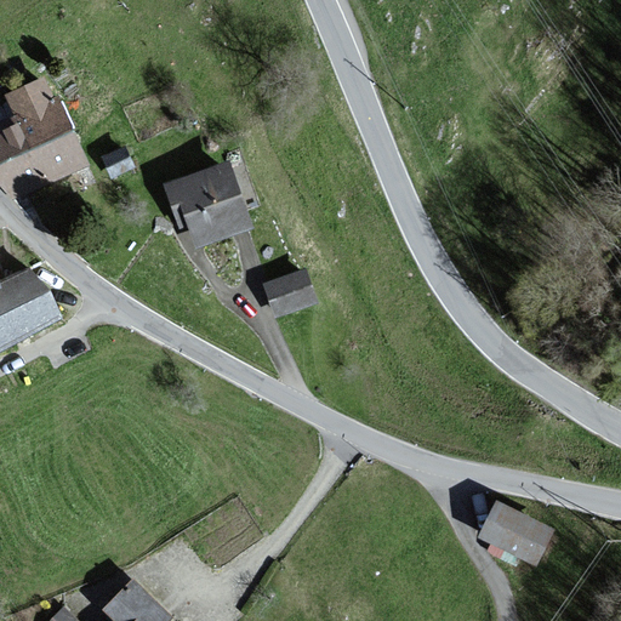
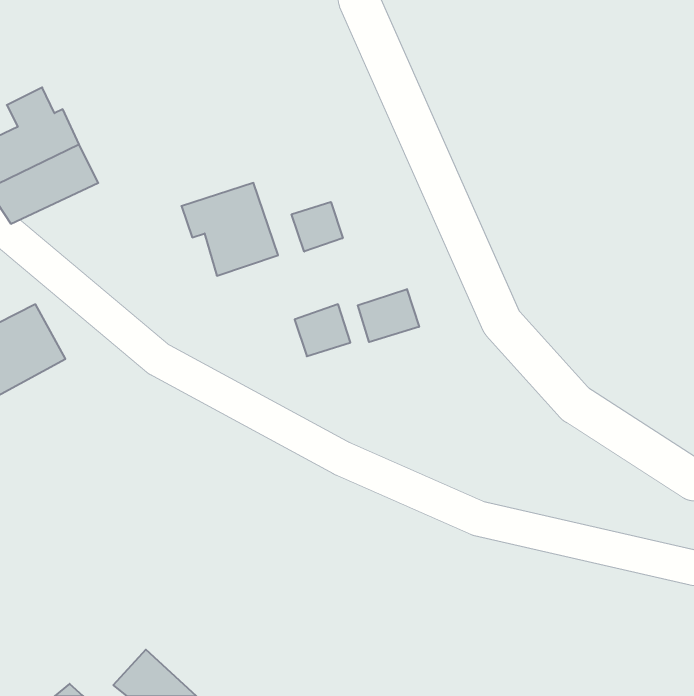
building: none -> [292,202,343,252]
building: none -> [358,289,419,342]
building: [478,503,552,566] -> none

